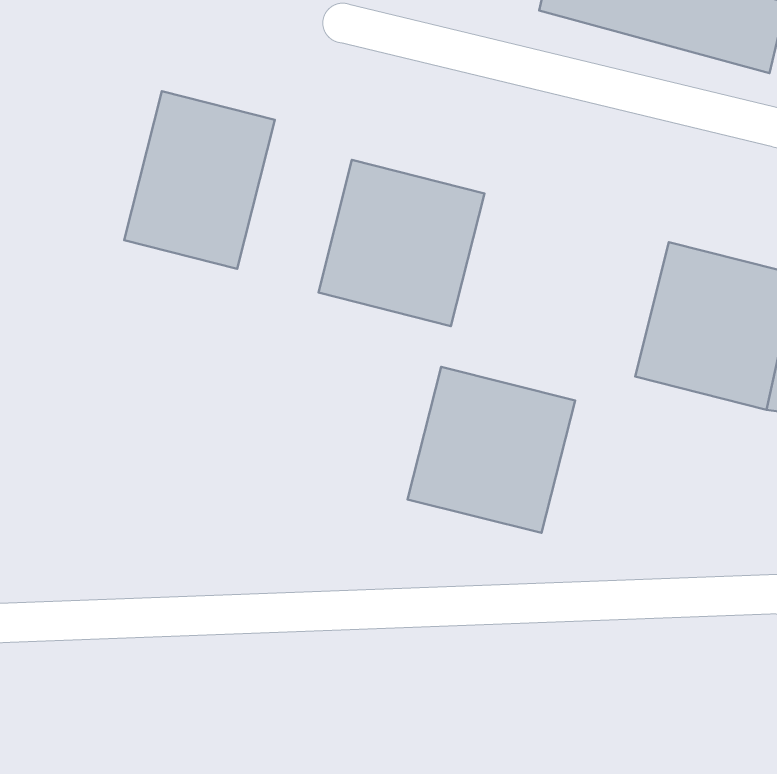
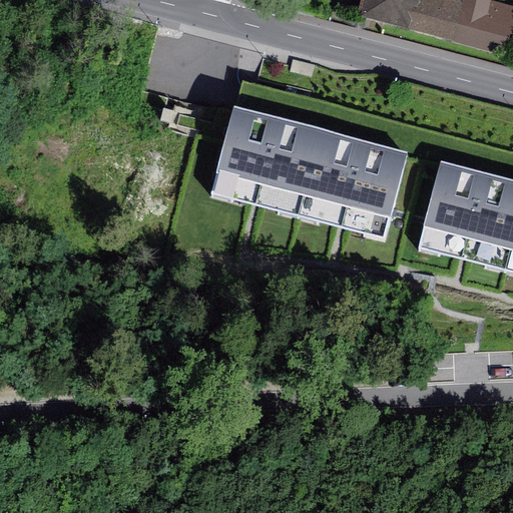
building: [124,91,275,269] -> none
building: [408,367,575,533] -> [298,127,408,236]

